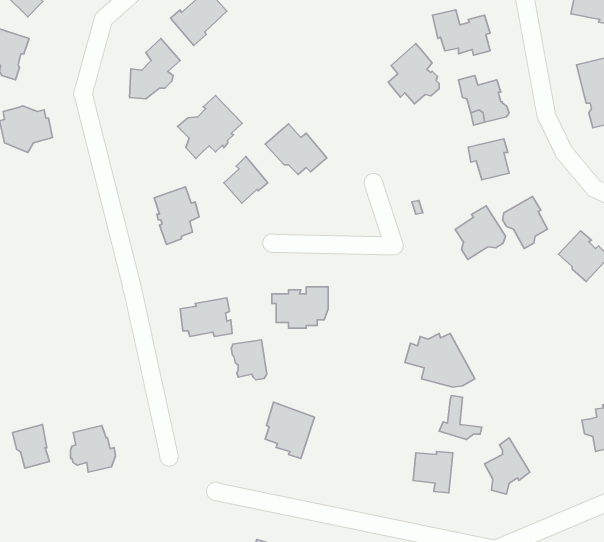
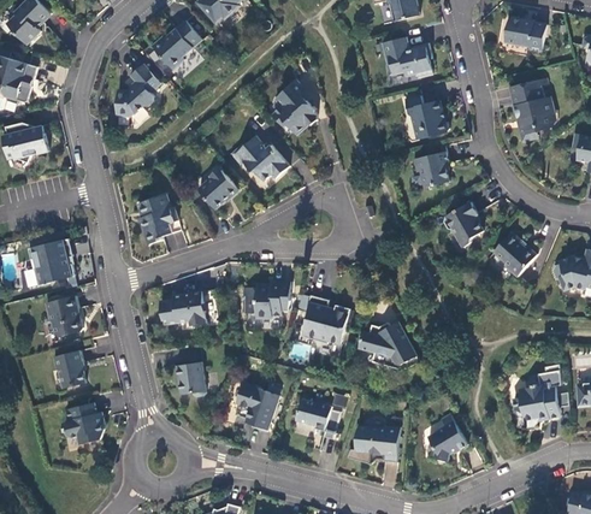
building: [388,44,439,104] -> [272,79,317,132]
building: [178,96,242,158] -> none
building: [455,206,505,260] -> none
building: none -> [28,237,75,284]
building: none -> [45,295,83,336]
building: none -> [303,296,351,344]
building: [231,340,267,380] -> [175,361,206,396]
building: [439,396,482,440] -> [347,425,384,463]
building: none -> [295,397,339,438]
building: [12,424,49,468] -> [53,349,85,388]

